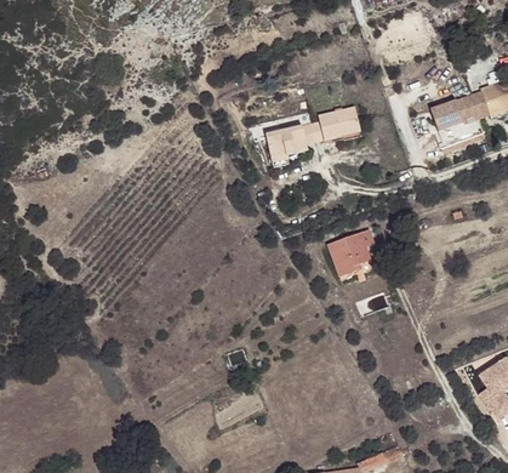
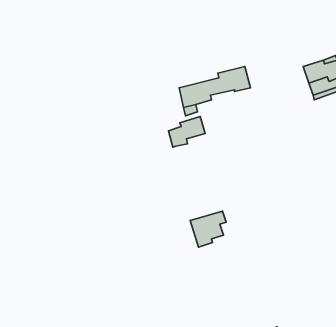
building: none -> [168,116,205,147]
building: [327,224,375,272] -> [190,211,226,247]

